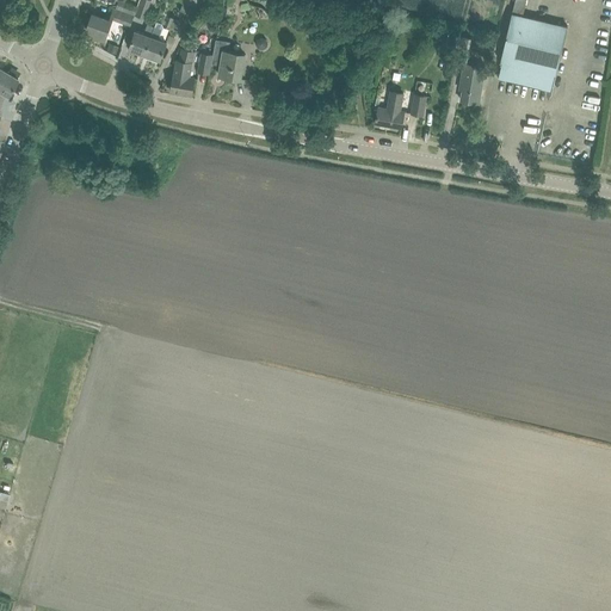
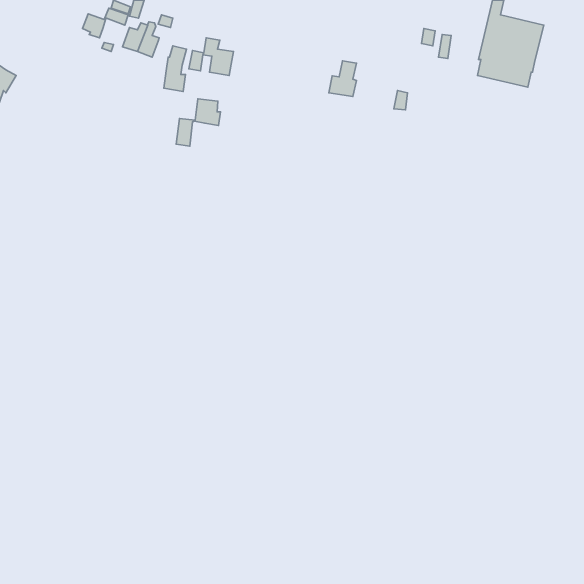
building: [458,64,485,105] -> none
building: [375,92,403,129] -> [329,61,356,96]
building: none -> [176,99,220,146]

